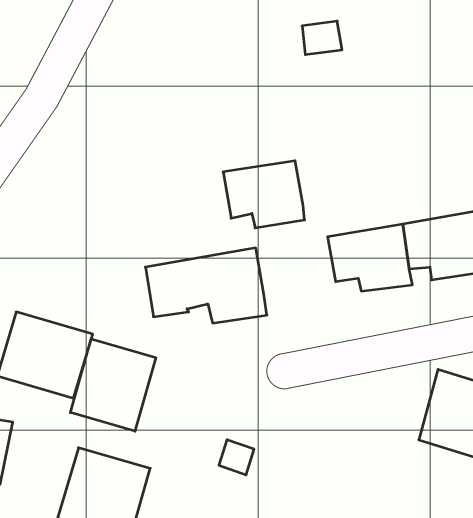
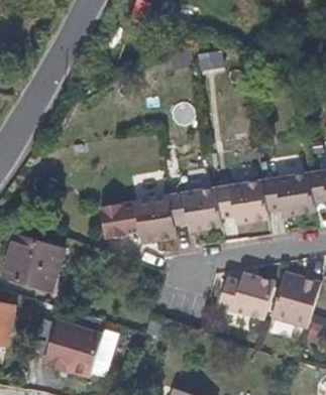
building: [223,161,305,228] -> [169,188,220,231]
building: [70,339,156,431] -> none
building: none -> [217,279,273,325]

